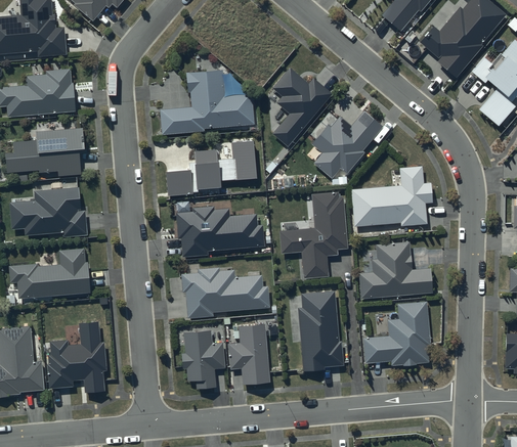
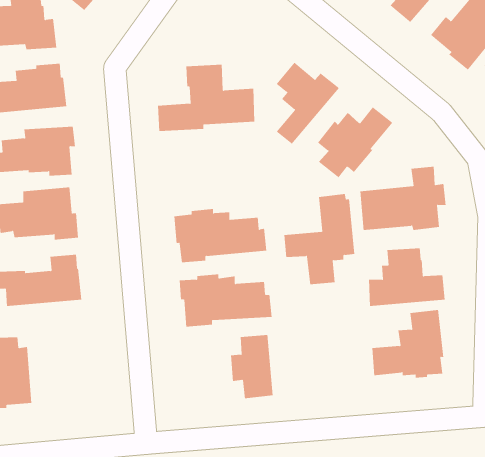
building: [166,138,257,195] -> none
building: [298,292,343,371] -> none
building: [48,320,106,392] -> none
building: [181,331,224,389] -> none

